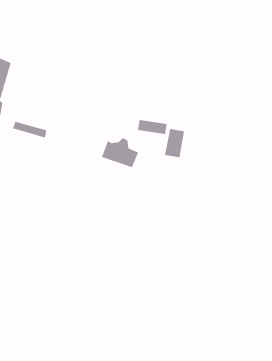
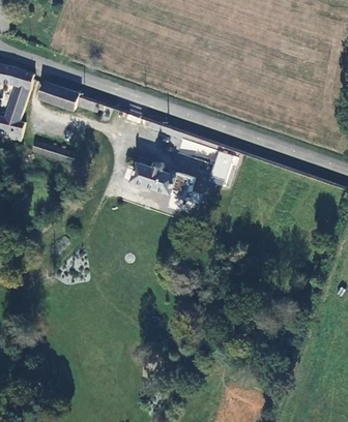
building: none -> [35,80,96,109]

